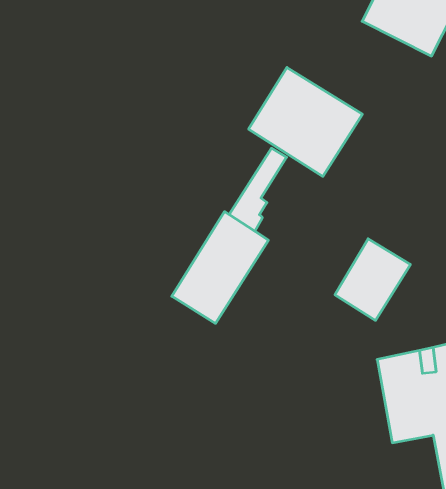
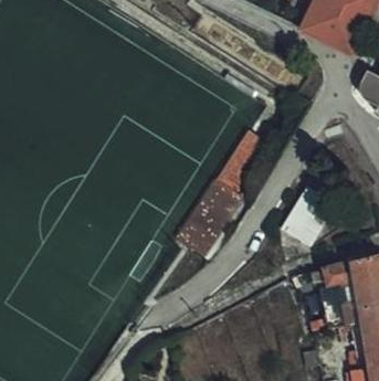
building: [249,67,362,176] -> none

